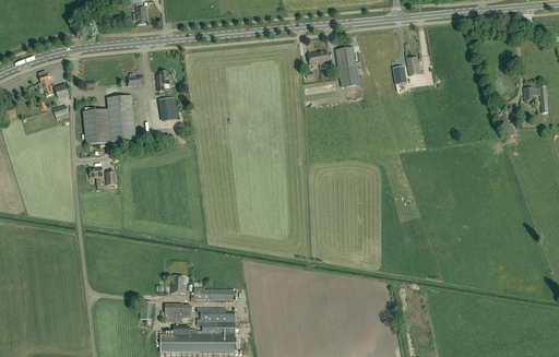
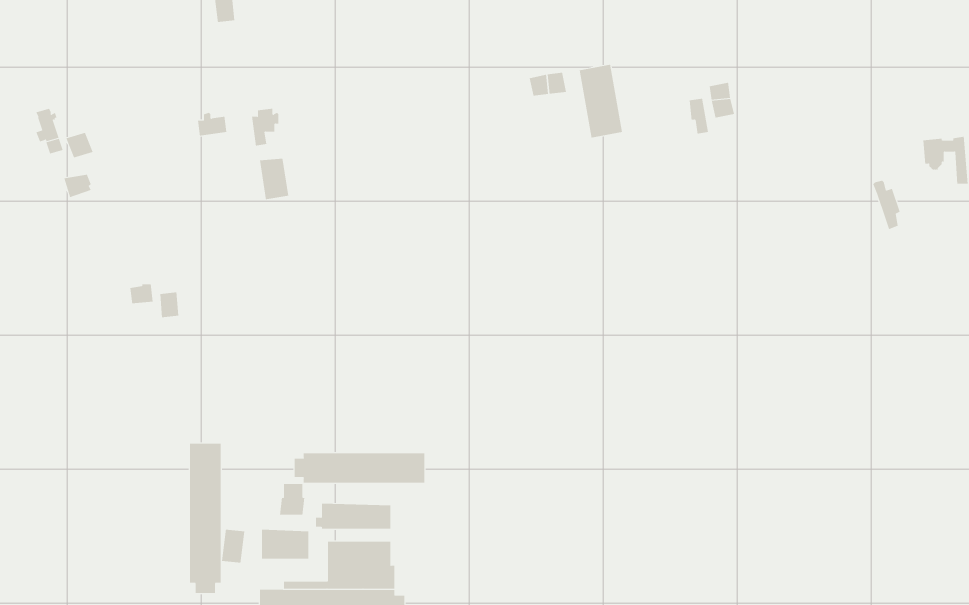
building: [83,95,136,145] -> none
building: none -> [189,443,221,594]
building: none -> [294,452,425,483]

